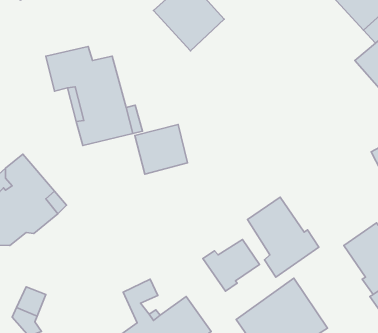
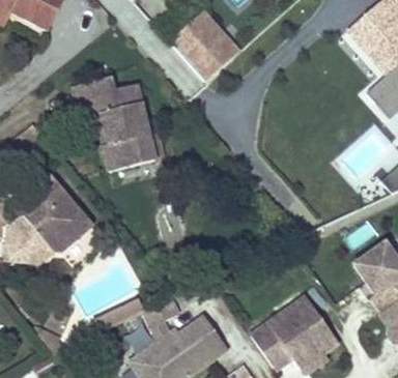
building: [135,125,187,174] -> none
building: [247,197,319,277] -> none
building: [203,240,259,291] -> none

